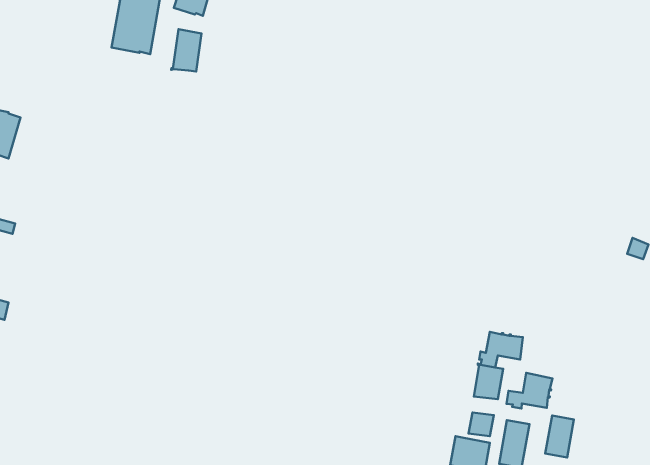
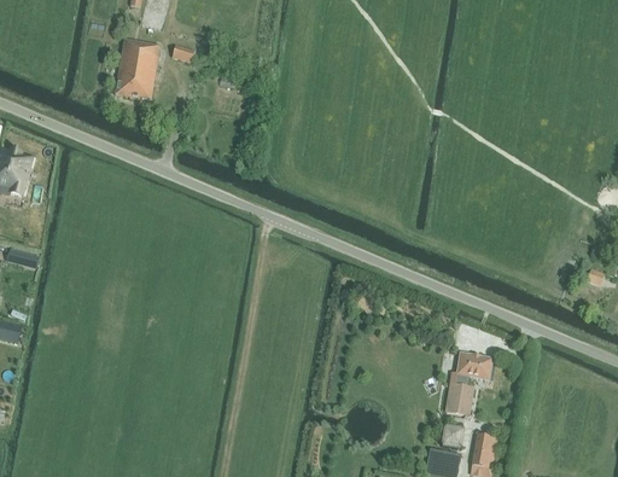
building: [171,29,201,72] -> none
building: [507,373,552,408] -> none
building: [545,415,574,458] -> none

